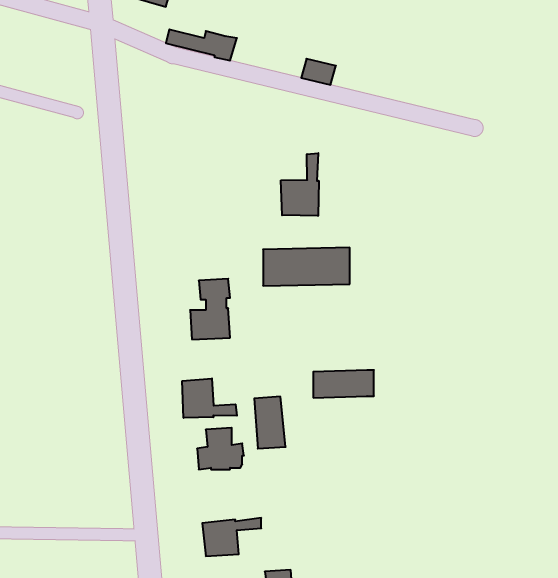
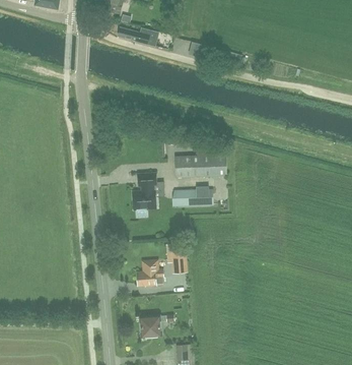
building: [281,153,319,216] -> none
building: [313,370,374,398] -> [177,188,212,204]
building: [182,378,237,418] -> none

